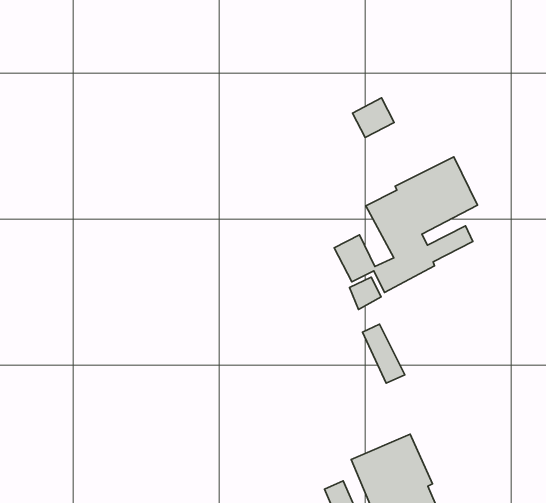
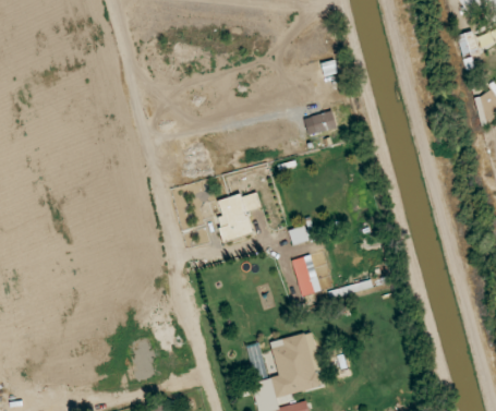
building: [334,157,478,292] -> none
building: none -> [217,190,261,241]

